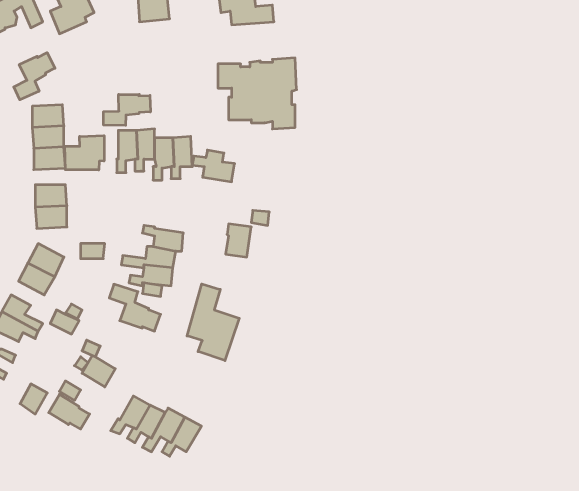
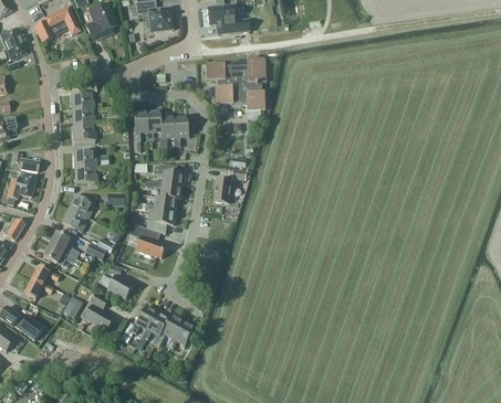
building: [14,53,55,100] -> none
building: [104,94,150,125] -> none
building: [65,136,104,170] -> none
building: [192,150,235,182] -> [154,163,185,187]
building: [187,284,239,361] -> none

